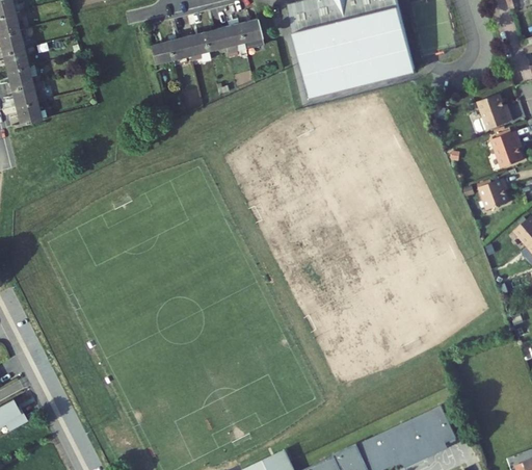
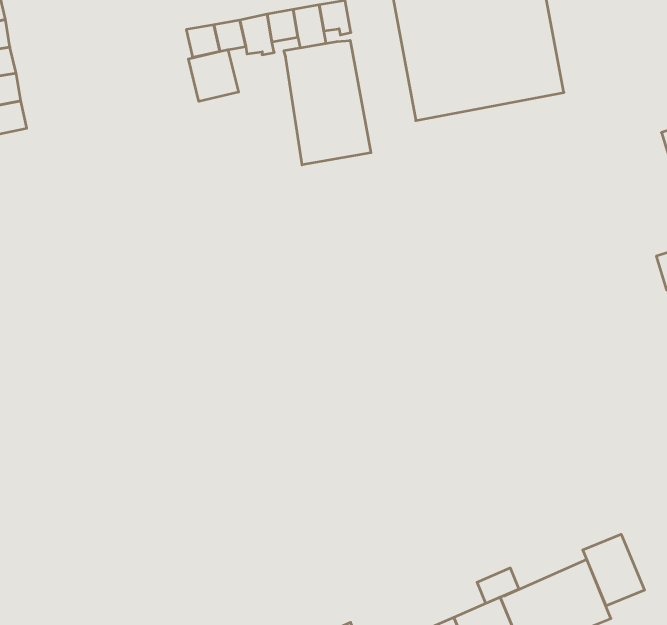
building: none -> [284,40,371,165]
building: none -> [188,50,239,101]
building: none -> [583,534,645,606]
building: none -> [477,568,519,603]

